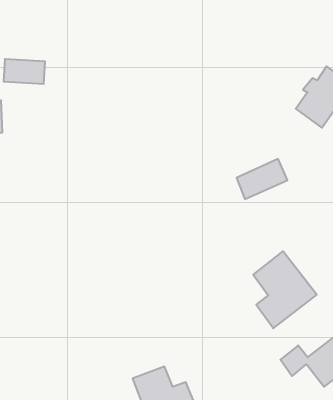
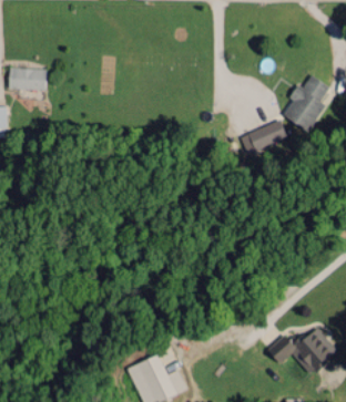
building: [237,159,287,199] -> [241,120,288,157]
building: [253,251,317,328] -> none

